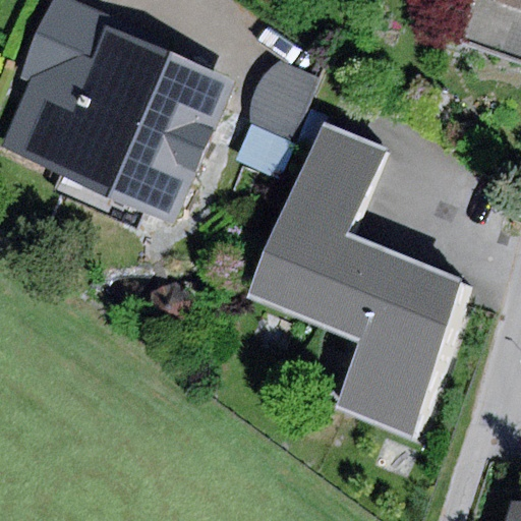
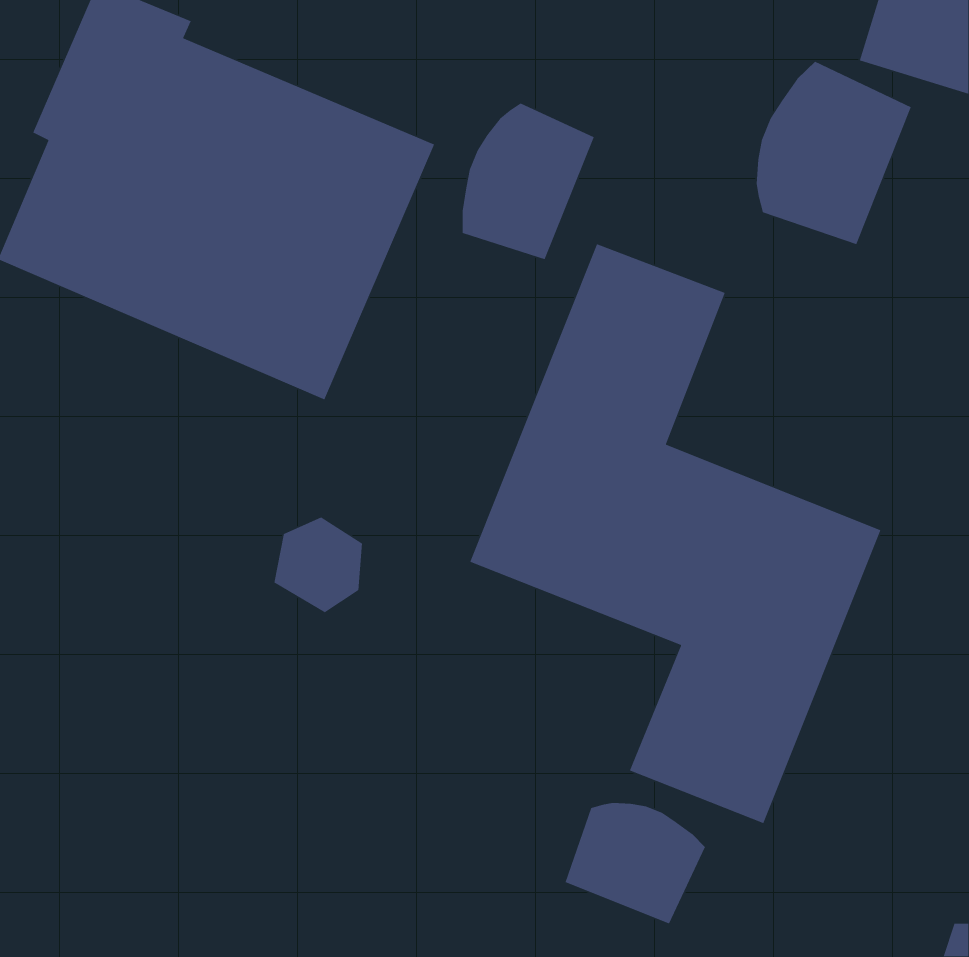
building: none -> [756,61,912,245]
building: none -> [564,802,706,924]

